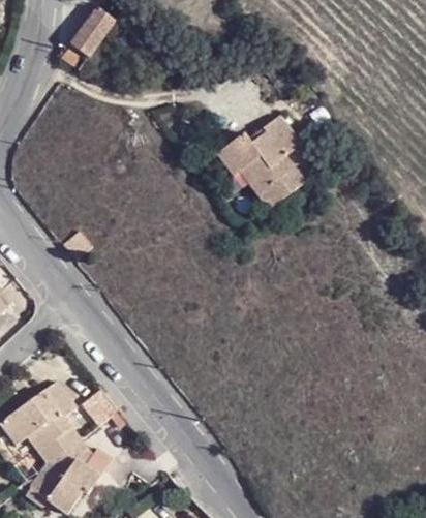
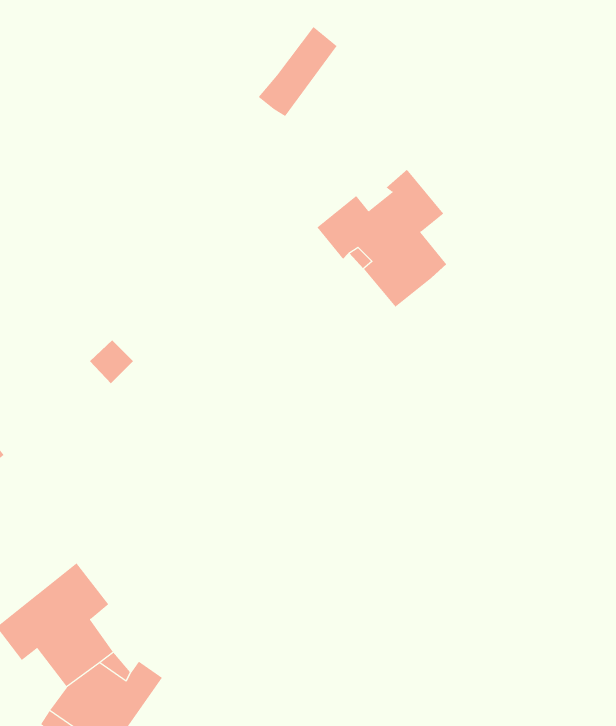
building: [61,7,115,68] -> [258,26,338,117]

